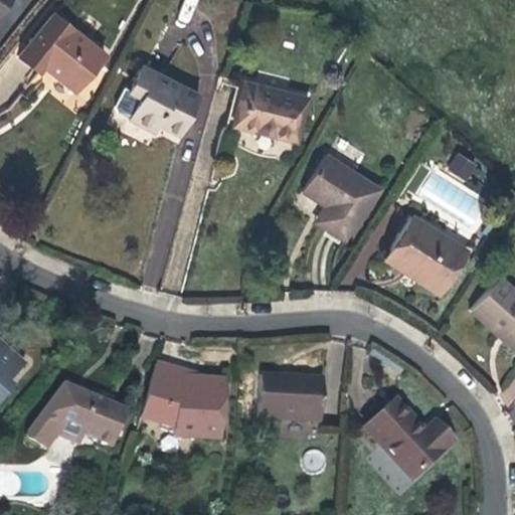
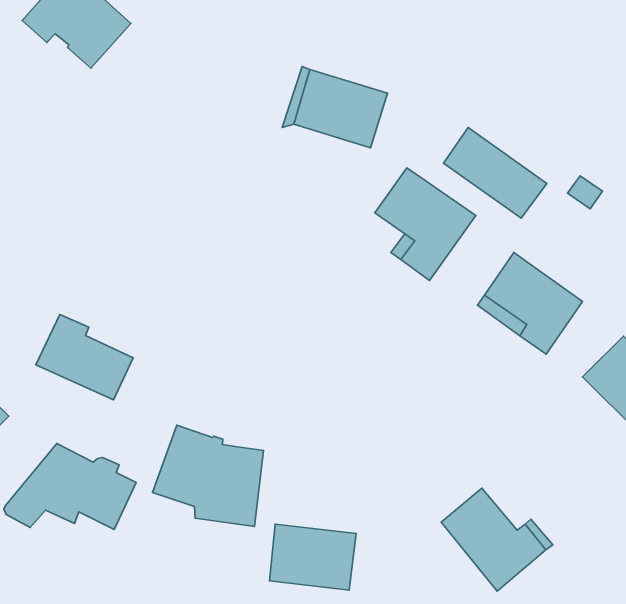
building: [130,65,201,134] -> none
building: none -> [444,128,547,218]
building: none -> [36,314,133,400]
building: [260,373,325,421] -> [269,524,356,590]

